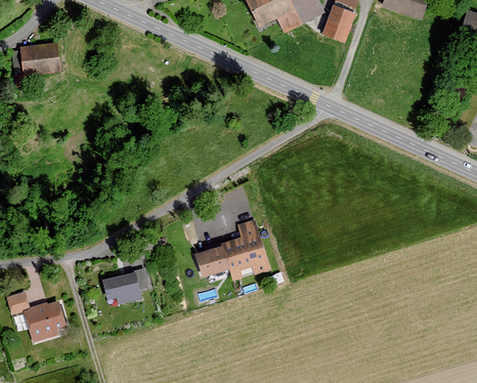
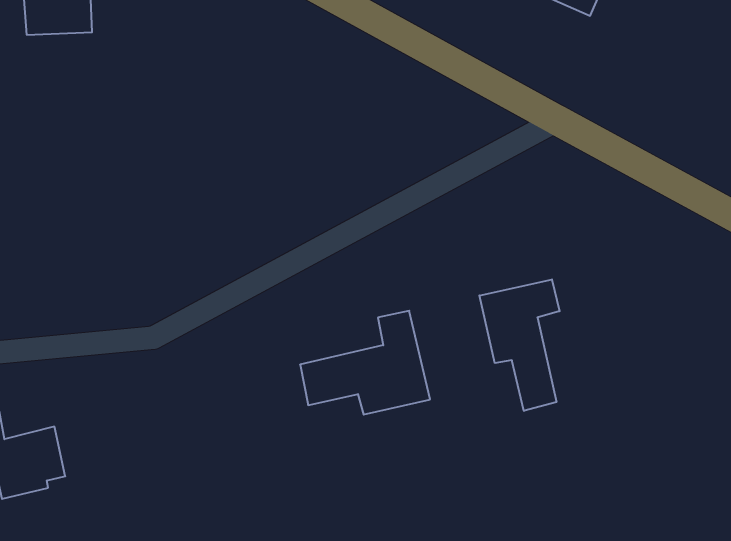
building: none -> [479,279,560,411]
building: [100,268,148,303] -> none

